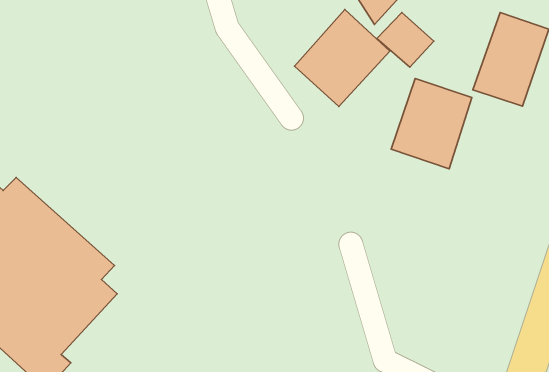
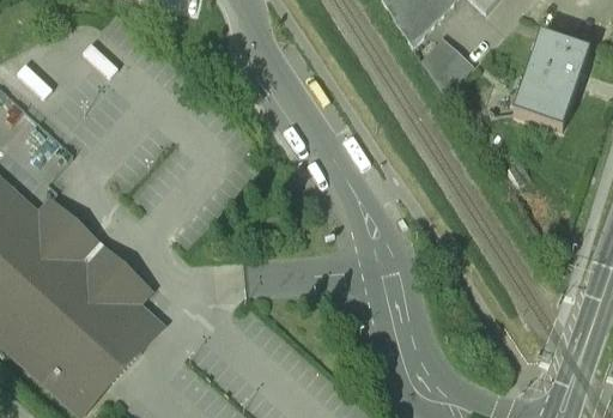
building: [295,10,390,107] -> none
building: [391,79,472,169] -> none

